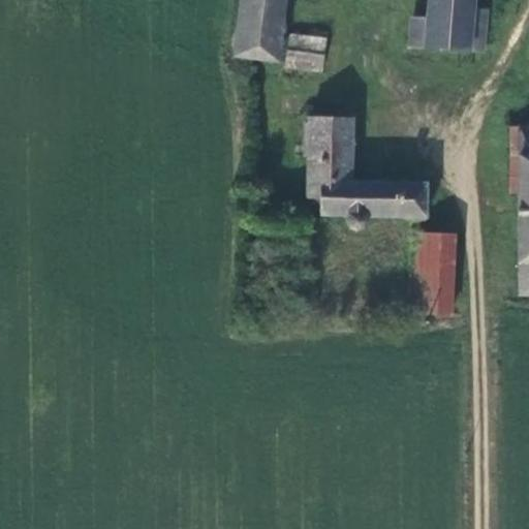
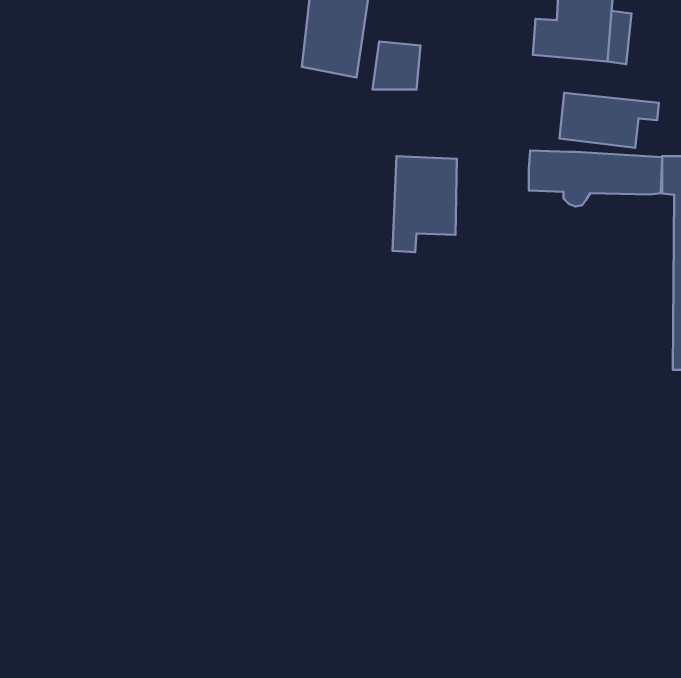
building: none -> [560,93,659,148]
building: [322,181,426,224] -> [529,151,662,207]
building: [408,236,457,313] -> none

